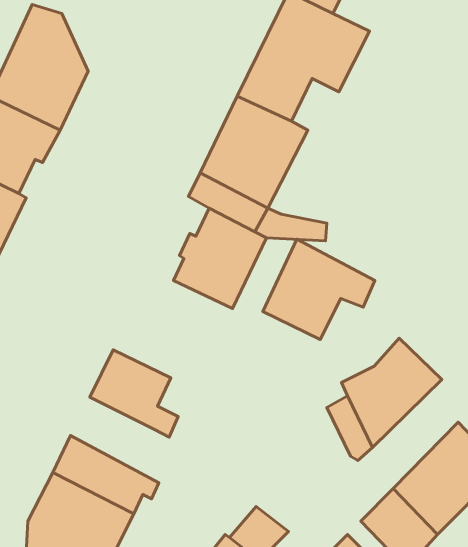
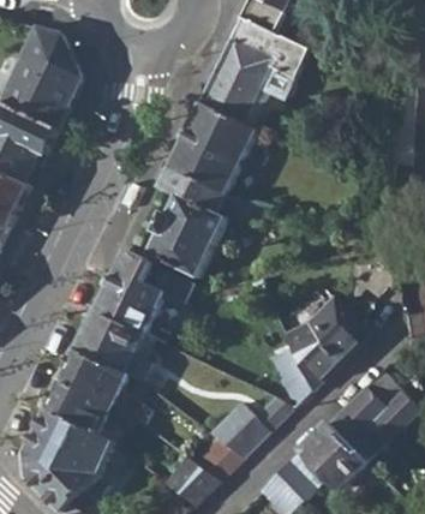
building: [263,239,375,340] -> [96,250,187,331]
building: none -> [61,347,151,423]
building: none -> [206,398,289,456]

